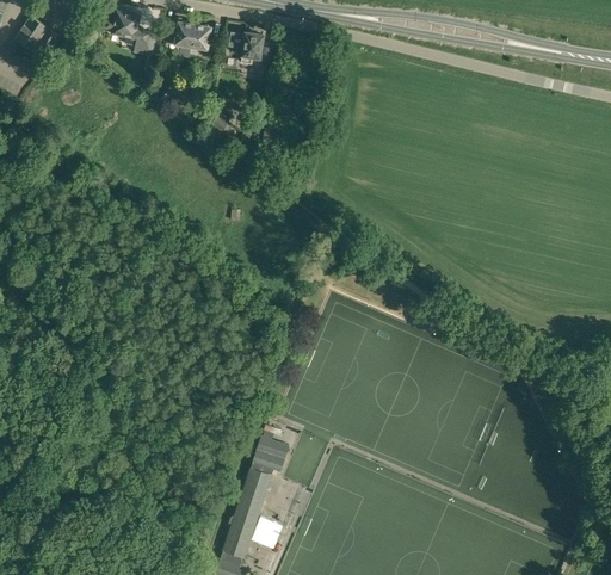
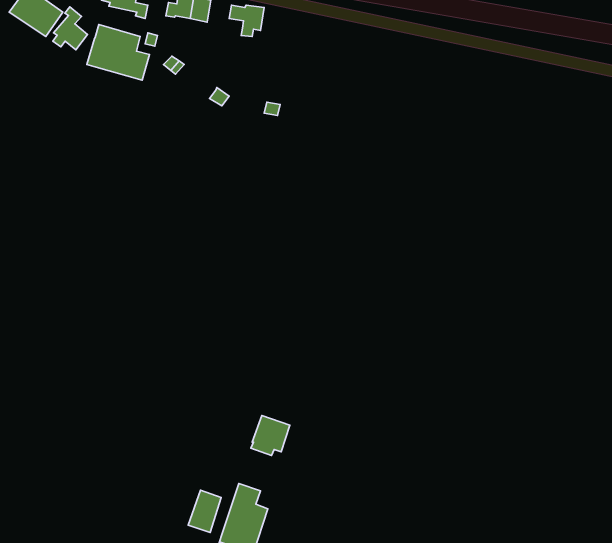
building: none -> [53,7,87,50]
building: none -> [87,25,149,80]
building: [239,468,271,509] -> [188,490,221,533]

